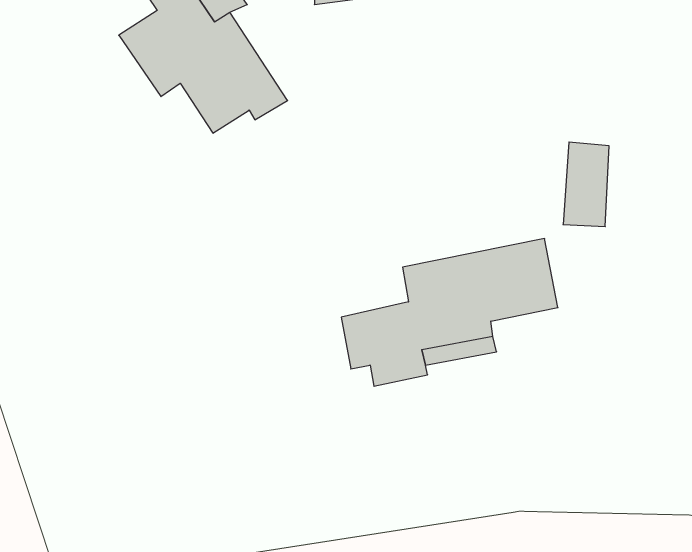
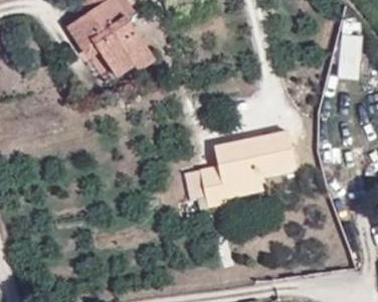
building: [563,142,609,227] -> [337,37,361,82]

